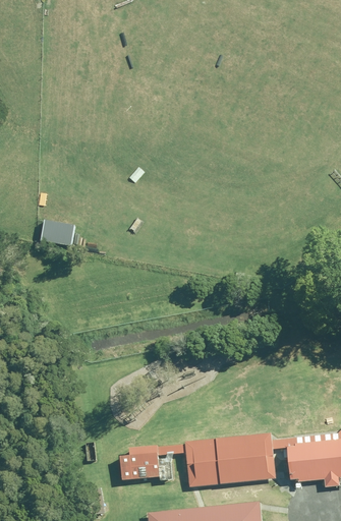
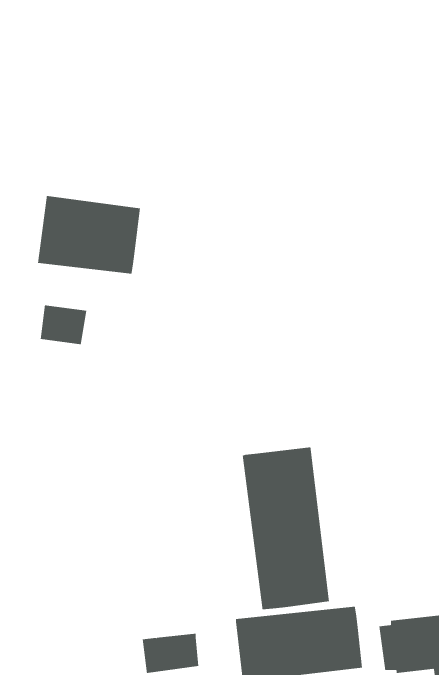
building: none -> [38,195,141,275]
building: none -> [242,446,329,610]

